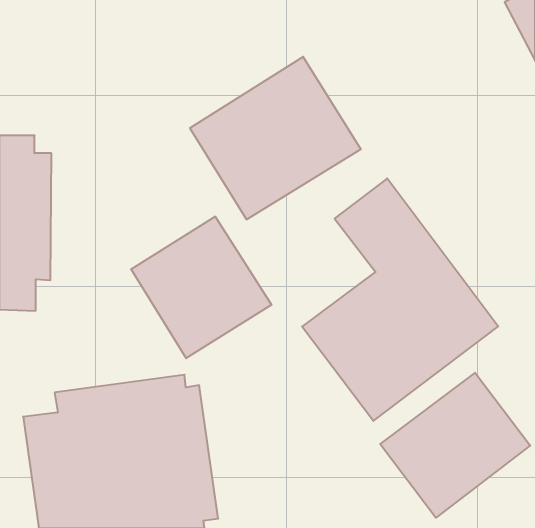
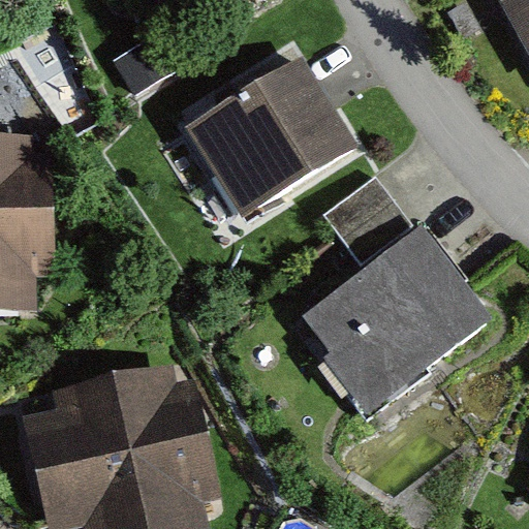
building: [131,216,271,358] -> none
building: [380,373,530,518] -> none

